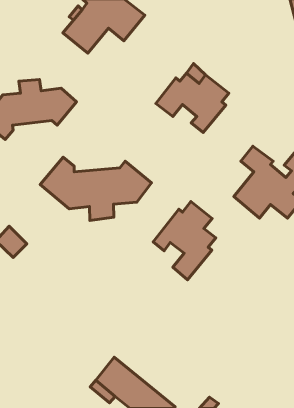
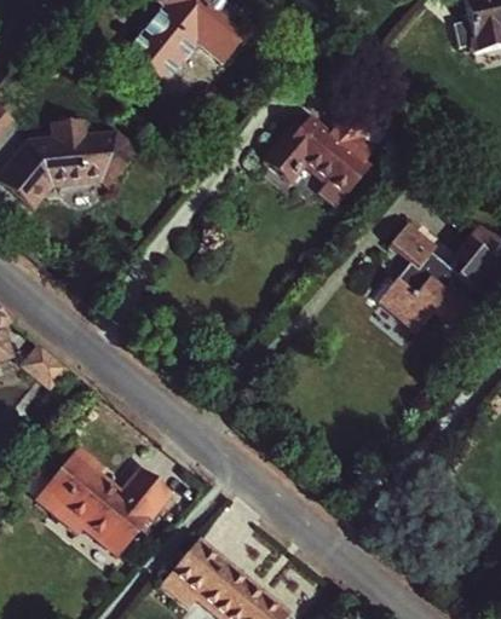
building: [40,157,152,220] -> none
building: [153,202,216,280] -> none
building: none -> [41,451,175,556]

